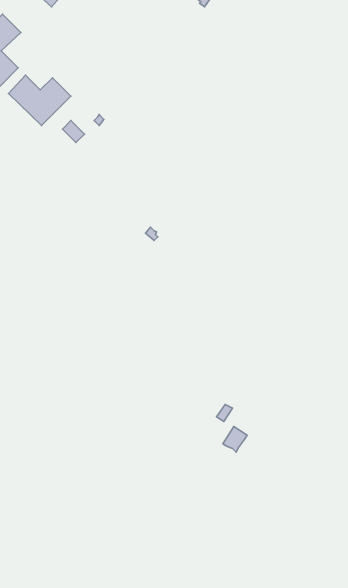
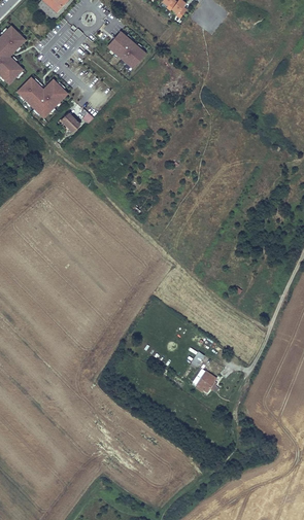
building: none -> [107,32,145,67]

